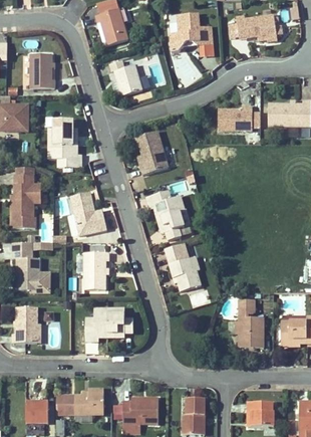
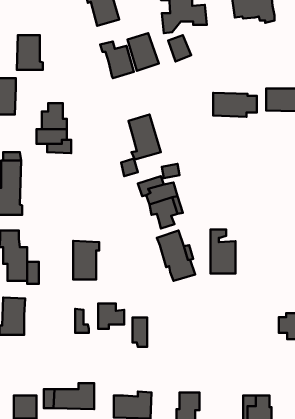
building: [70,192,106,235] -> none
building: [239,305,263,348] -> [210,230,236,273]
building: [93,308,107,337] -> [133,318,147,347]

